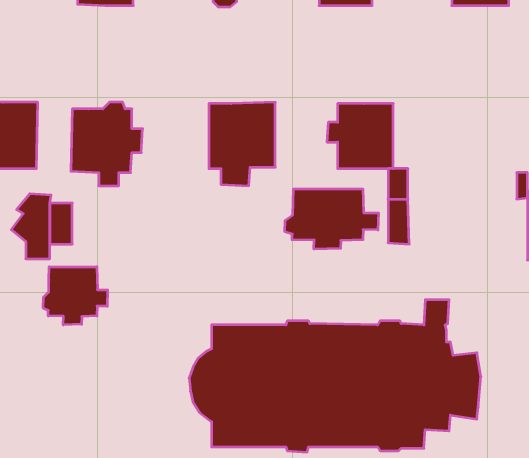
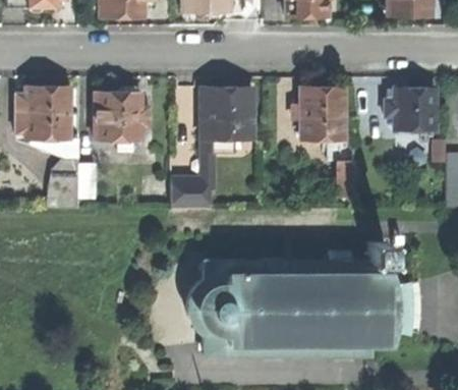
building: none -> [384,89,435,130]
building: [285,189,378,249] -> none
building: none -> [172,176,210,208]
building: [43,267,108,325] -> none

